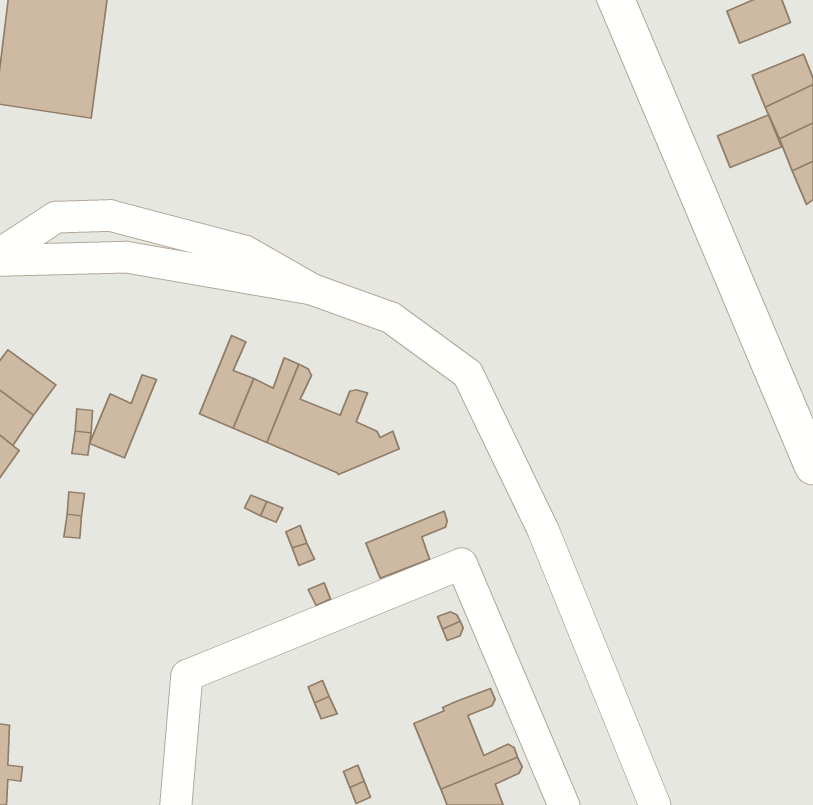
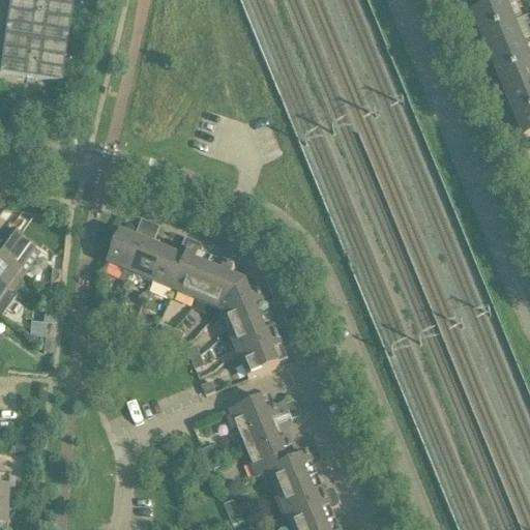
building: [718,115,781,168] -> [479,14,521,49]
building: [90,375,157,458] -> [107,214,150,268]
building: none -> [219,287,288,352]
building: none -> [229,393,296,474]

